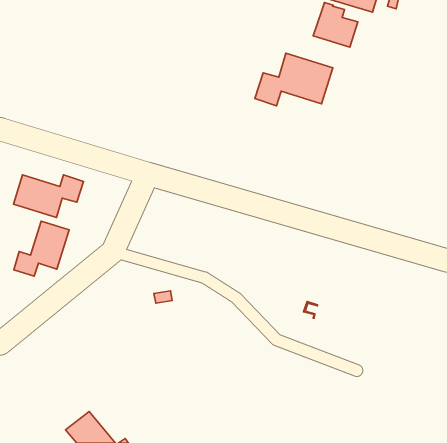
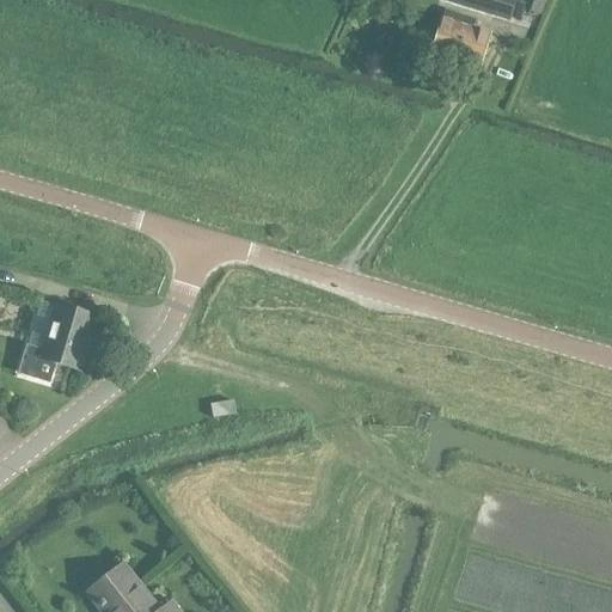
building: [255,53,333,106] -> none
building: [14,175,83,217] -> none

